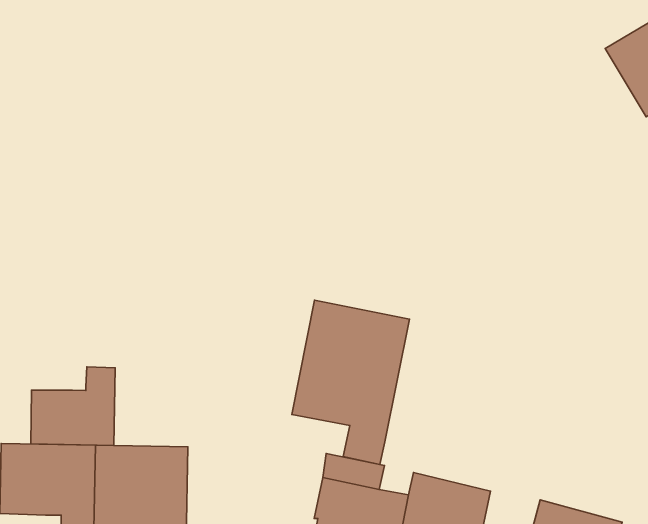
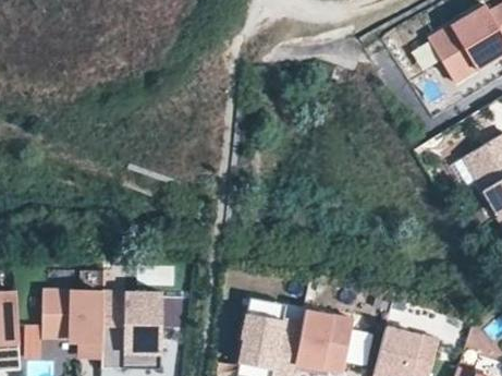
building: [292,300,409,465] -> none
building: [31,367,115,445] -> none

